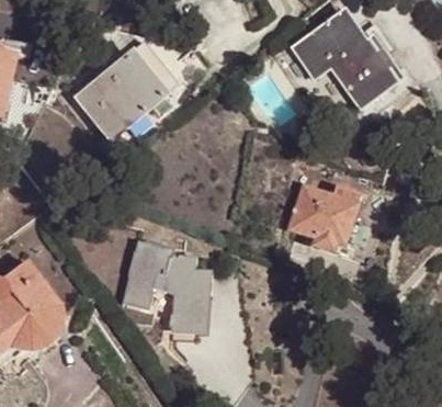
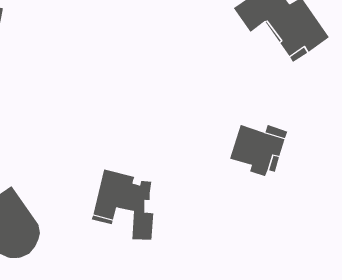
building: [73,41,177,139] -> none
building: [171,270,212,333] -> none

